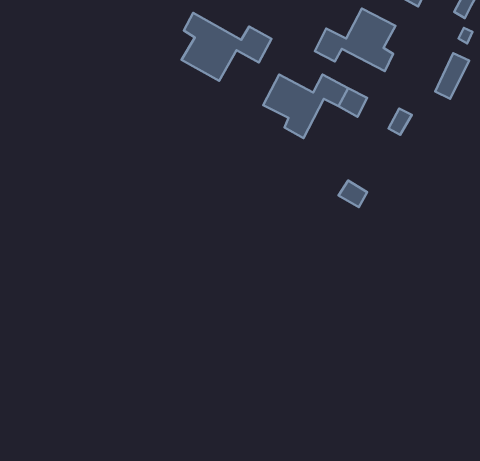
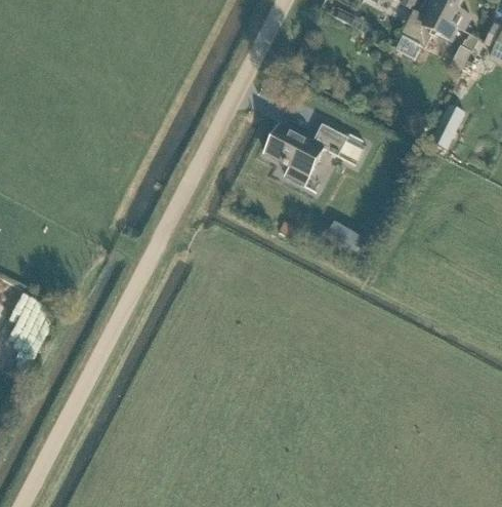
building: [315,8,396,71] -> none
building: [182,13,272,81] -> none

